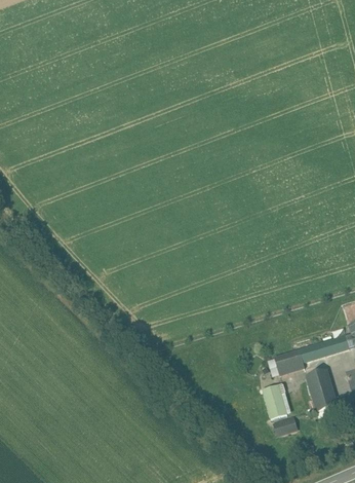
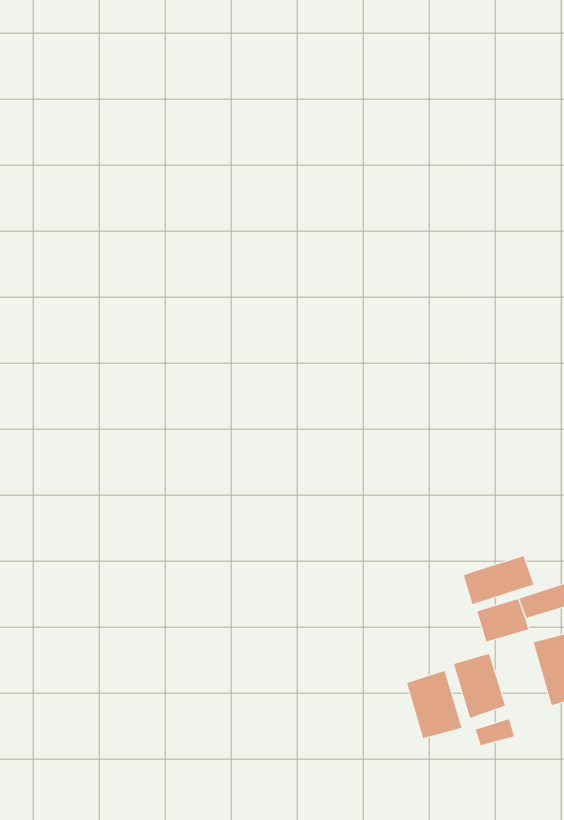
building: none -> [463,555,534,605]
building: none -> [407,670,462,739]

